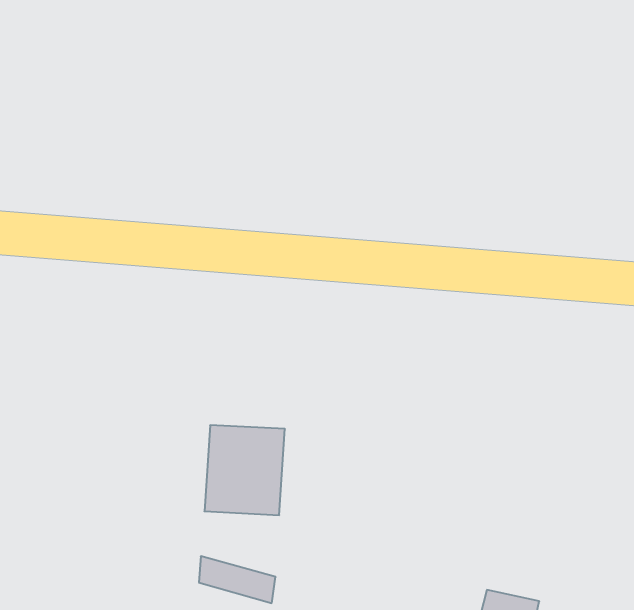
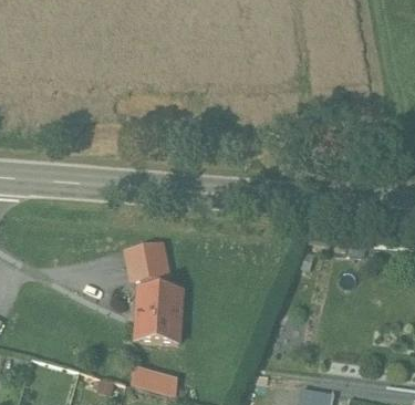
building: none -> [126,245,167,281]

